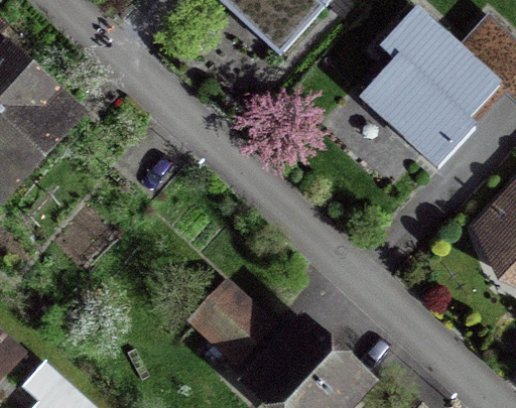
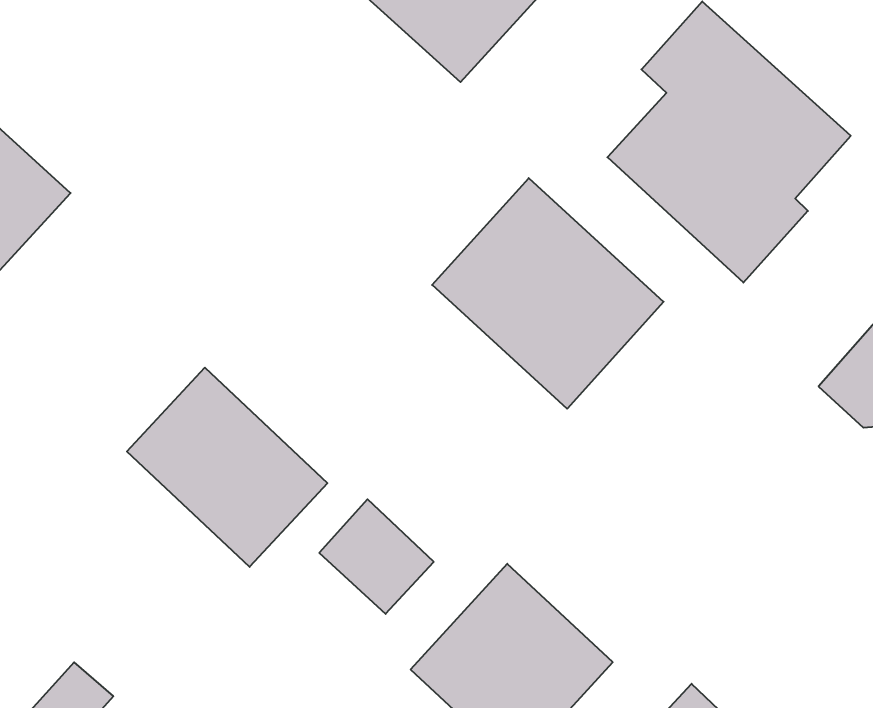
building: none -> [432,178,664,409]
building: none -> [127,368,327,567]

